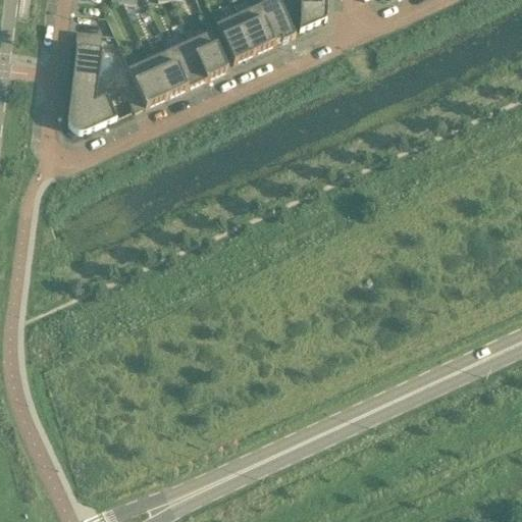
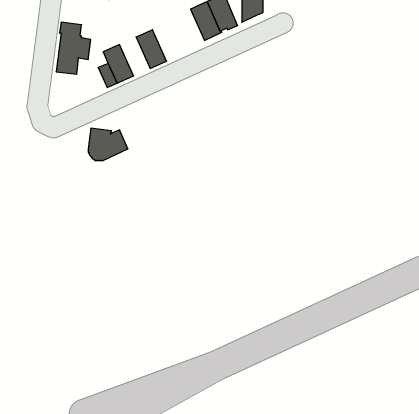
building: [218,11,256,59] -> none
building: [192,28,229,75] -> none
building: [151,46,189,94] -> none
building: [69,89,118,128] -> [88,128,128,160]

